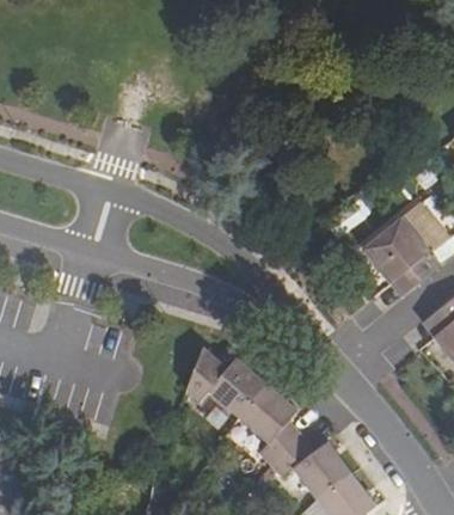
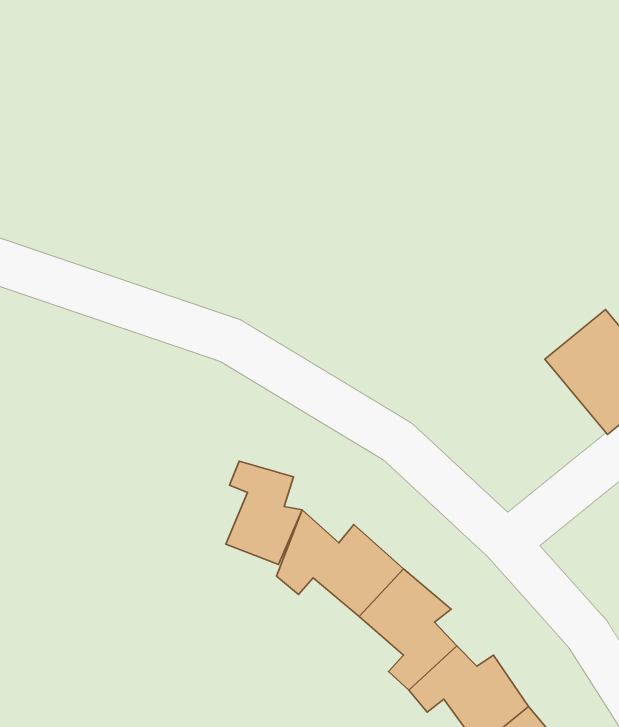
building: none -> [226,461,302,565]

